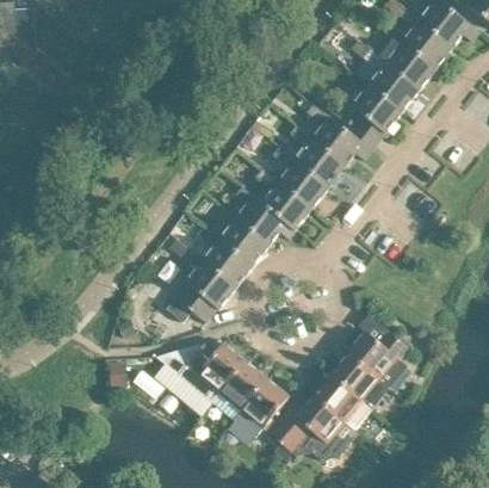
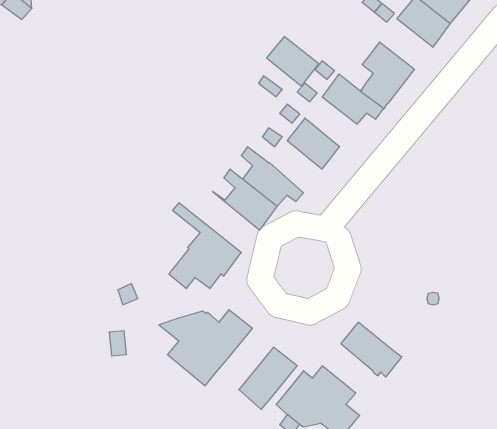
building: [367,63,419,112] -> none
building: [296,138,346,186] -> [267,37,319,86]
building: [262,180,312,230] -> none
building: [175,229,253,288] -> none
building: [347,331,408,388] -> none
building: [219,360,266,410] -> none
building: [312,375,373,430] -> none

